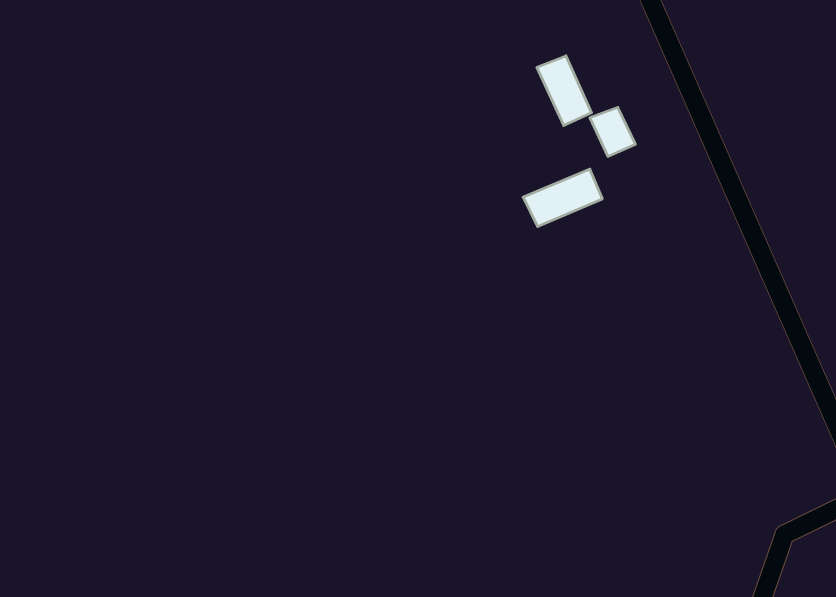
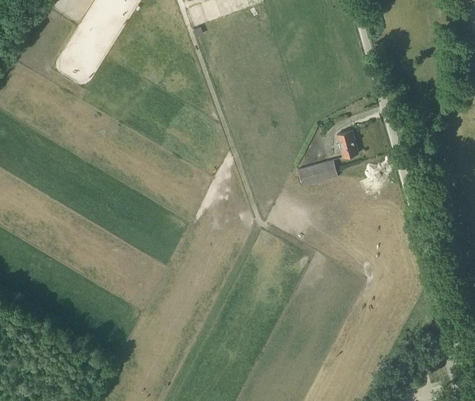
building: [537,56,592,126] -> none

